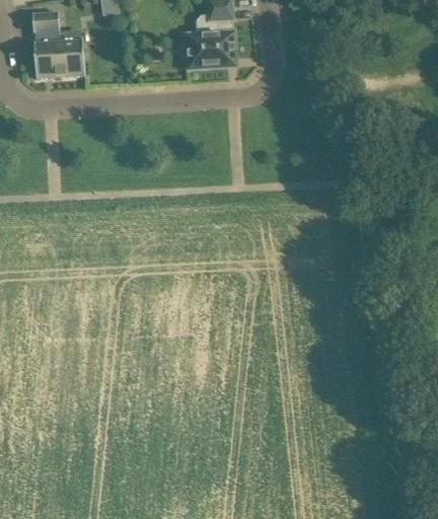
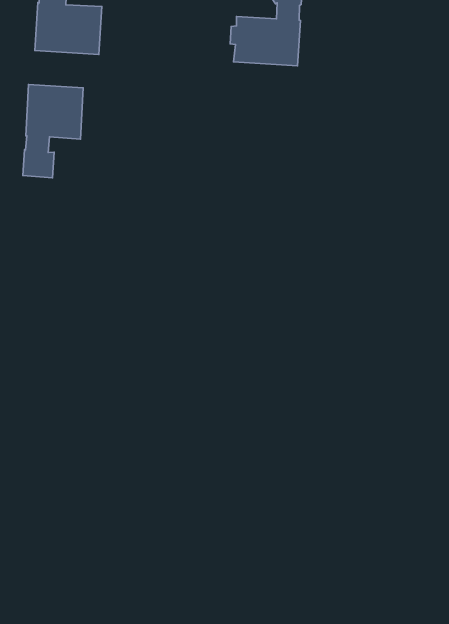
building: none -> [23,85,83,178]

